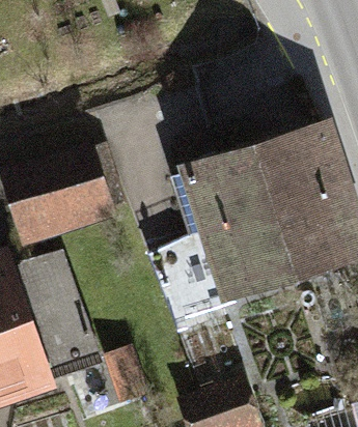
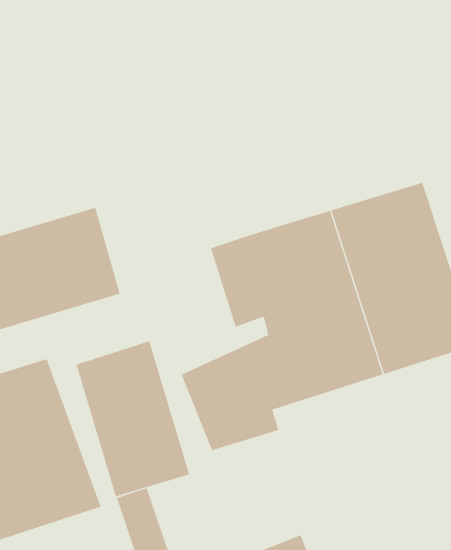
building: none -> [76,341,190,497]

